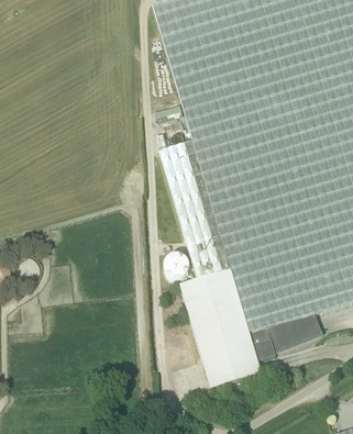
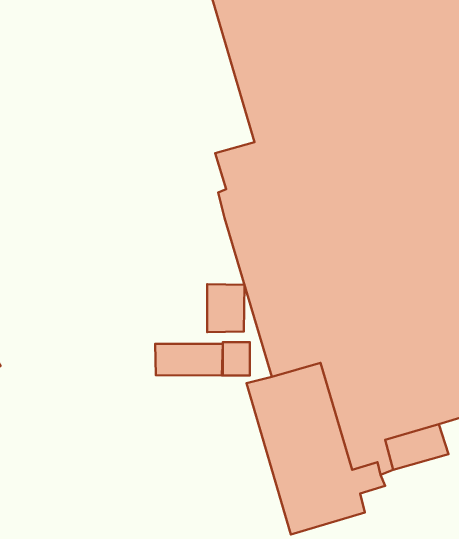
building: none -> [207,284,244,332]
building: none -> [155,344,223,376]

